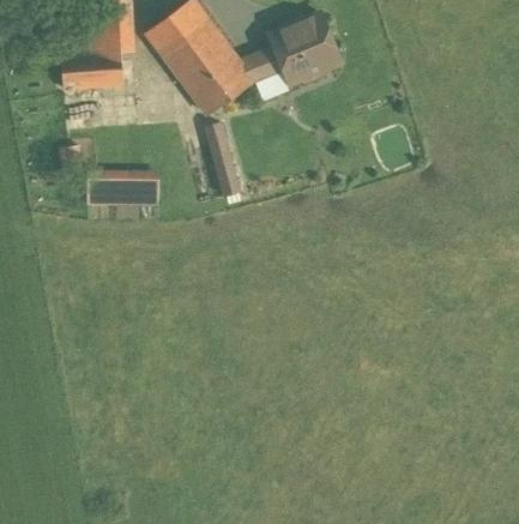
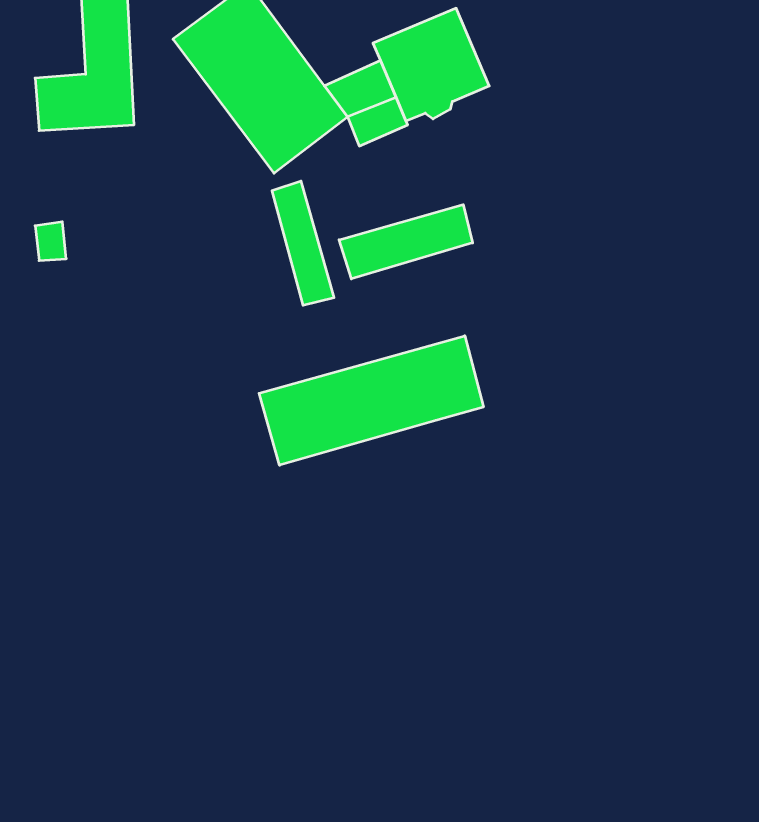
building: none -> [339,205,473,279]
building: [86,179,157,201] -> none
building: none -> [259,336,483,465]

